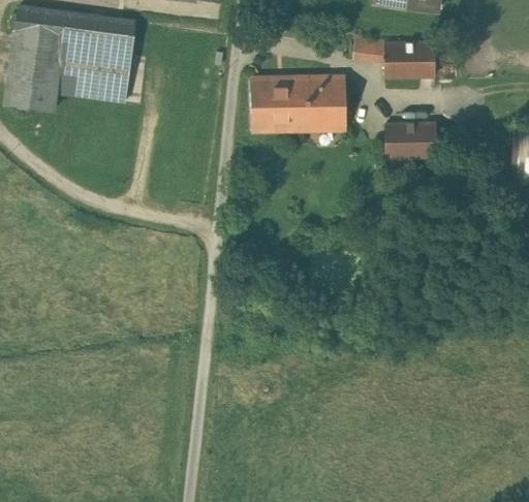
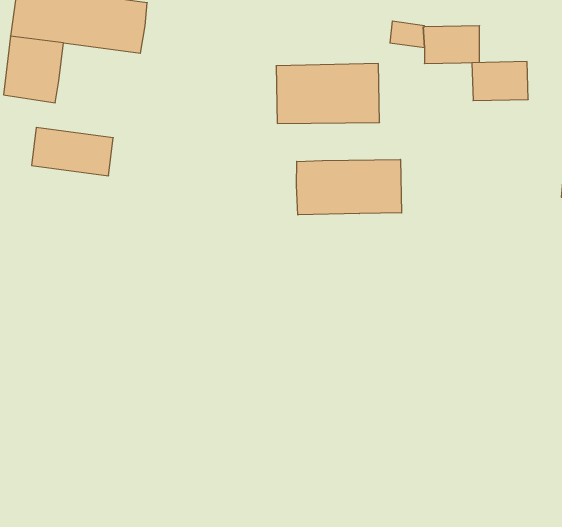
building: [57,58,130,101] -> [32,127,113,176]
building: [386,122,437,157] -> [472,62,528,101]
building: none -> [297,159,402,215]

